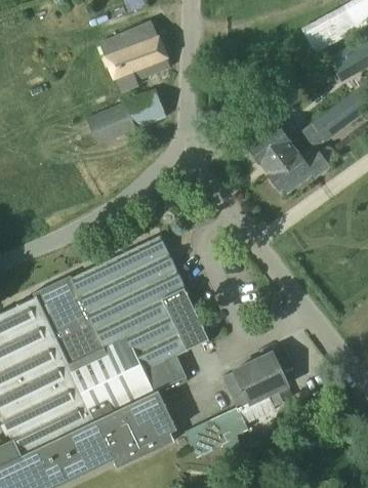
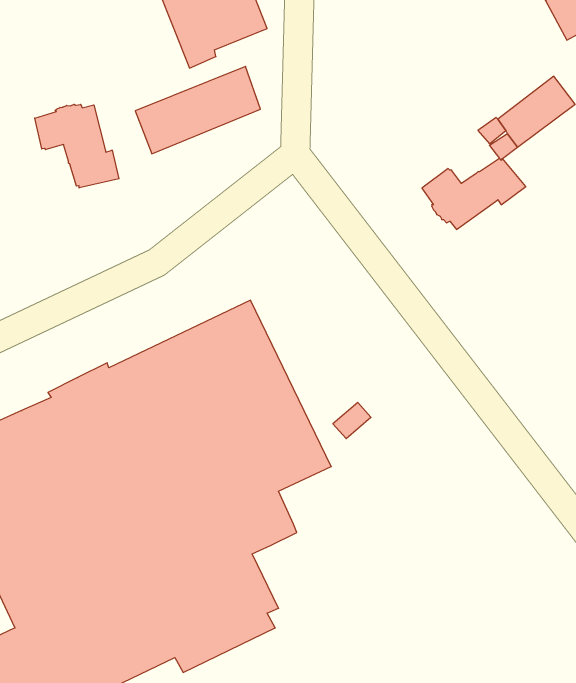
building: none -> [35,104,119,188]
building: [250,125,306,166] -> none
building: [183,348,292,463] -> none

